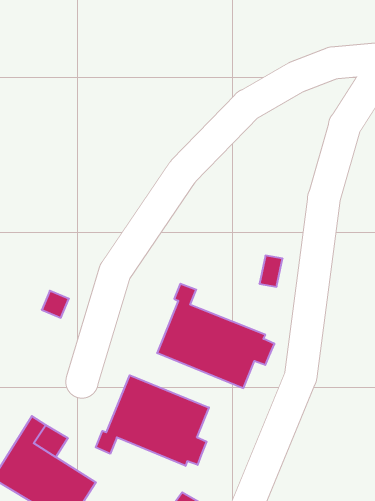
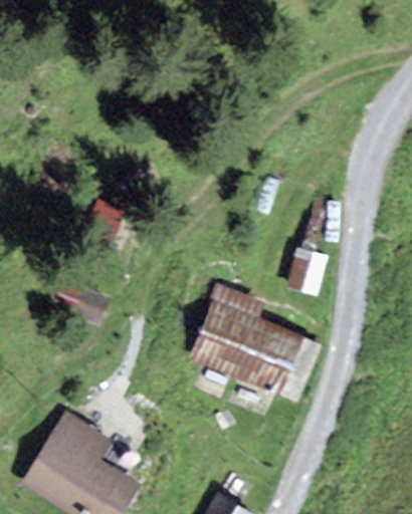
building: [96,375,209,466] -> none

